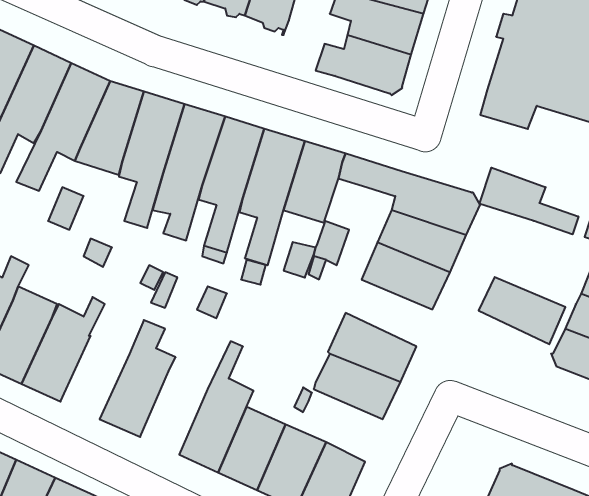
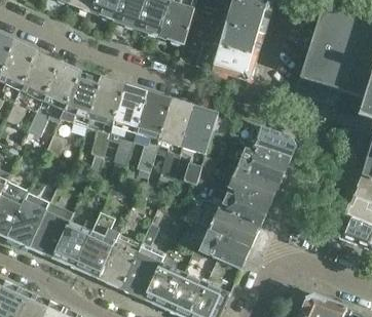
building: [479,168,578,234] -> none
building: [479,277,565,344] -> [219,188,269,227]
building: none -> [53,220,97,269]
building: none -> [100,231,139,289]

